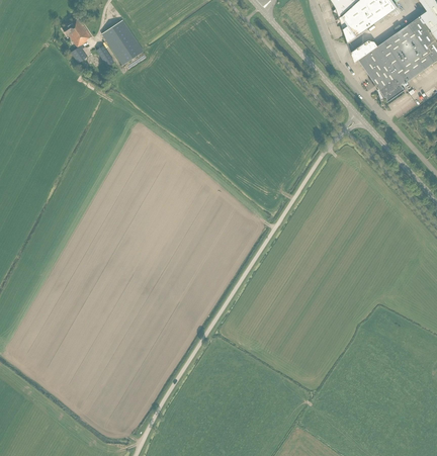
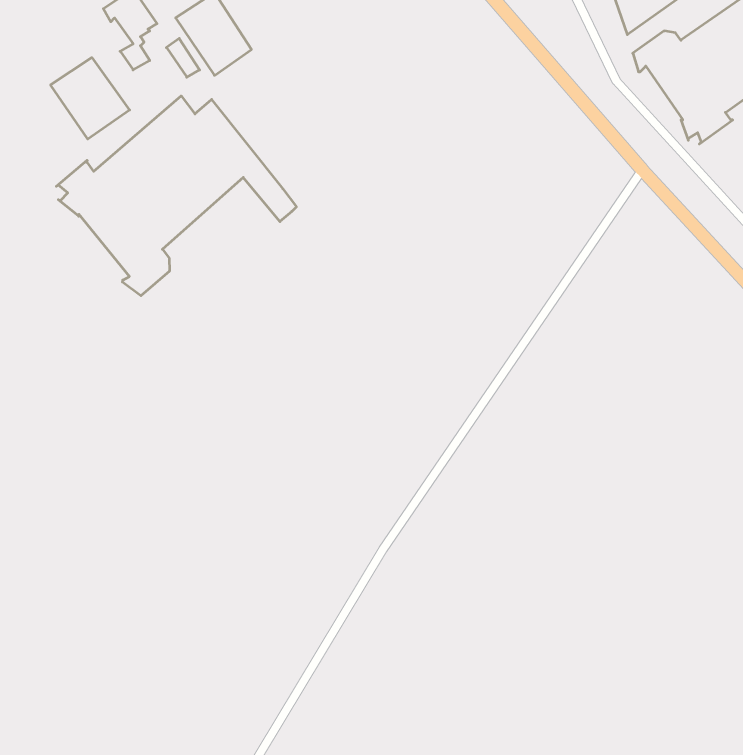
building: none -> [51,58,130,139]
building: none -> [56,96,296,296]

